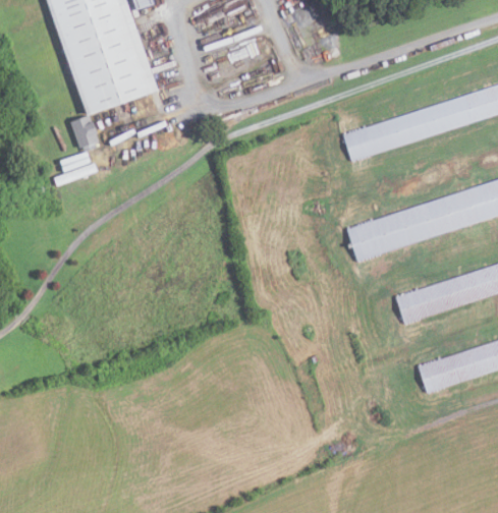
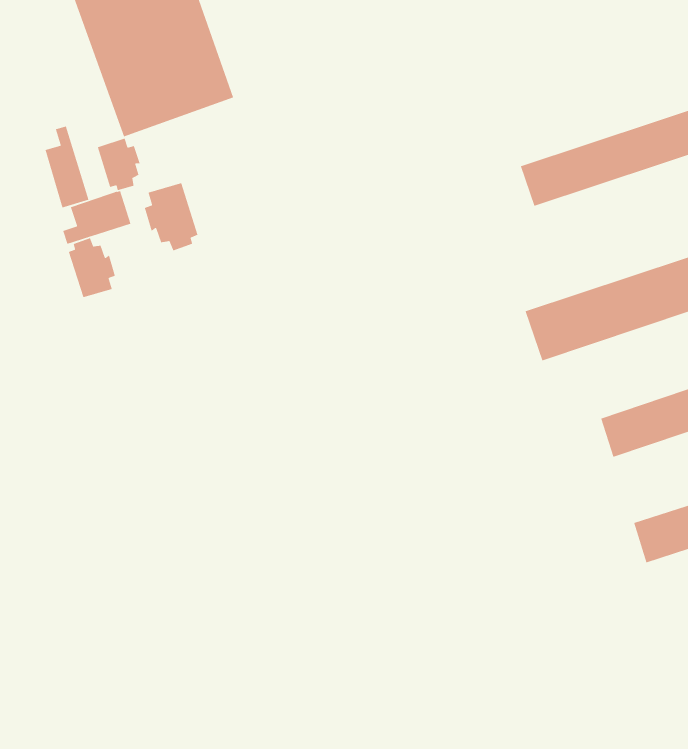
building: none -> [45,125,89,209]
building: none -> [144,182,199,252]
building: none -> [68,237,116,298]

